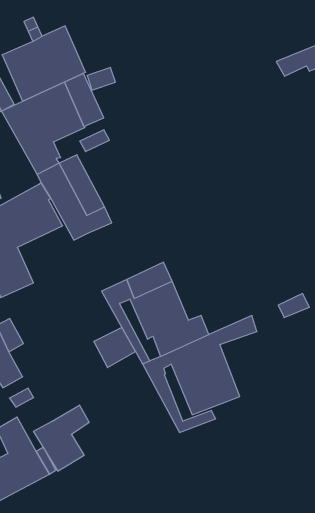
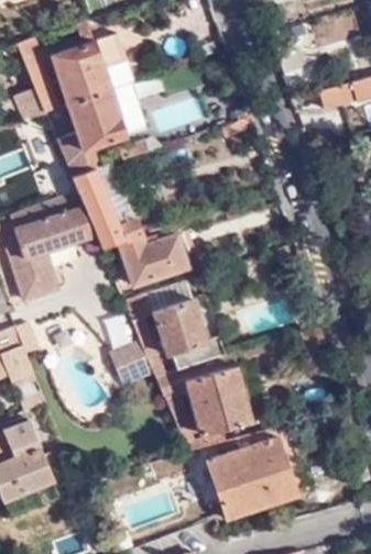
building: none -> [119,235,190,288]
building: [34,405,89,471] -> none
building: none -> [206,437,297,521]

